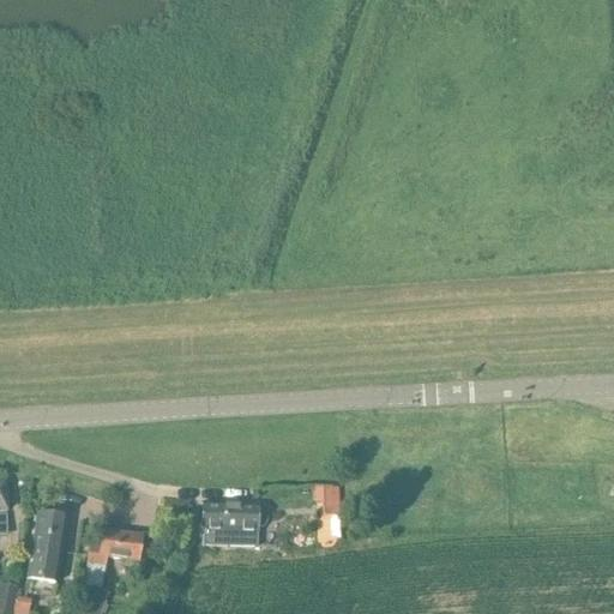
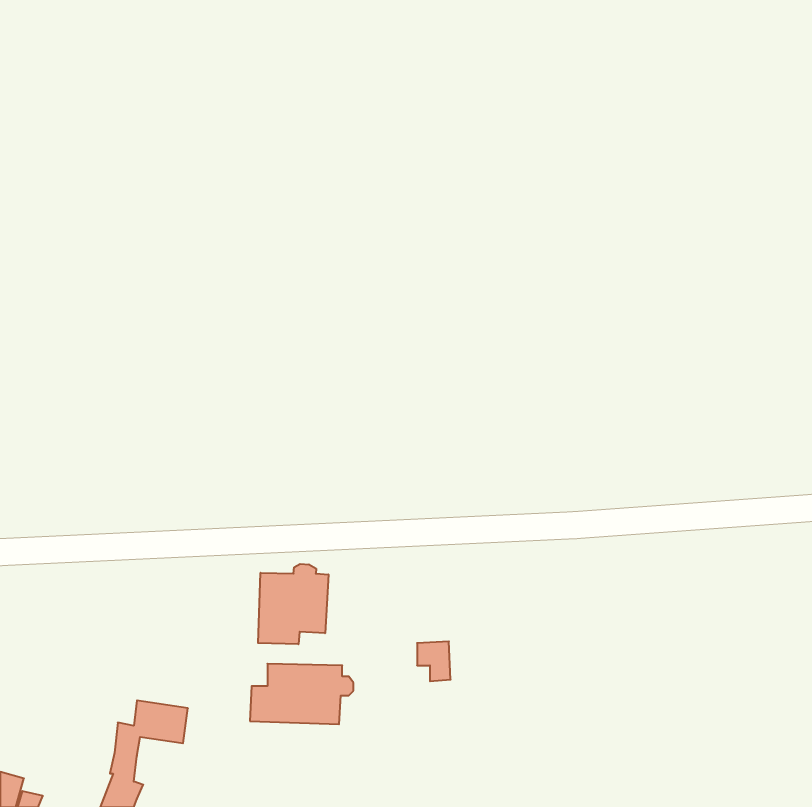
building: none -> [258,564,328,644]
building: [29,508,67,582] -> none

